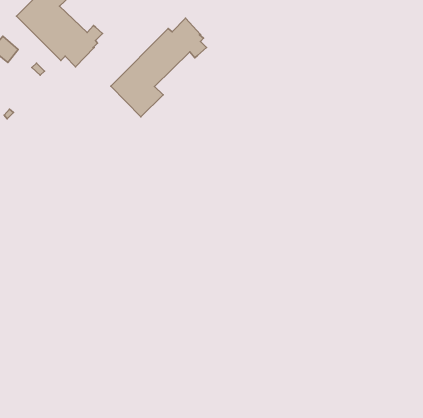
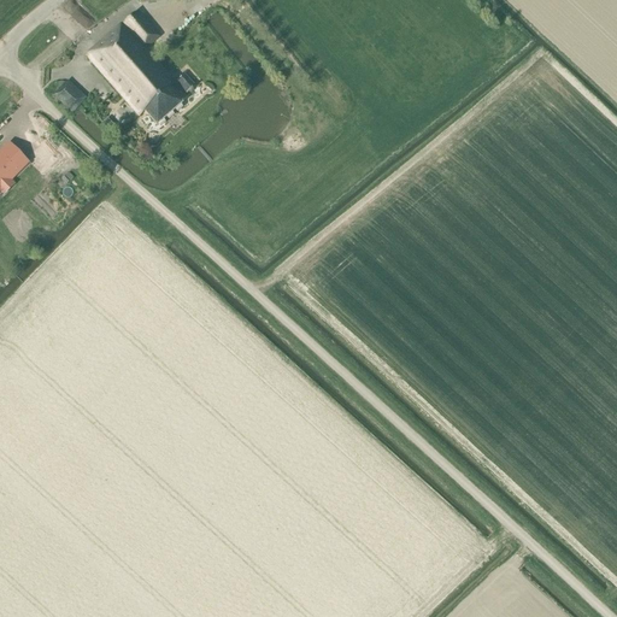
building: [111,18,206,117] -> none

